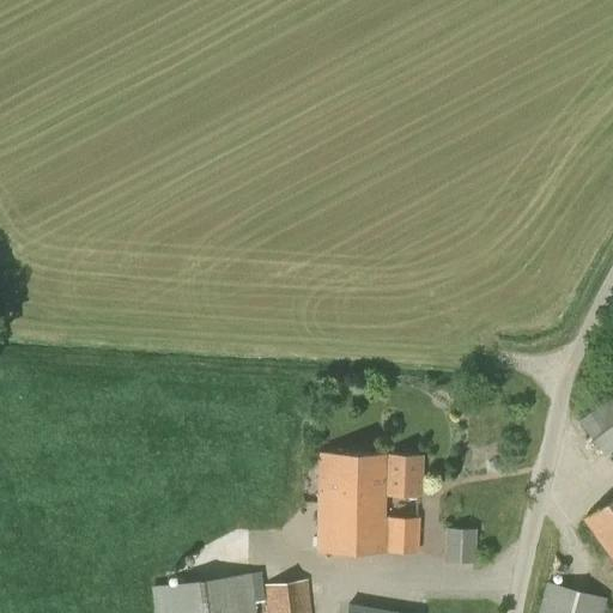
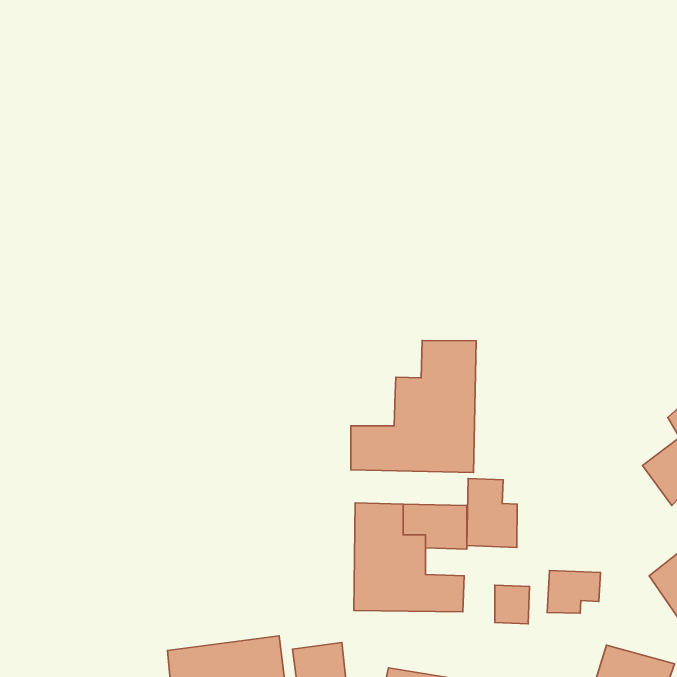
building: none -> [351,341,476,472]
building: none -> [467,478,517,548]
building: none -> [547,571,600,613]

